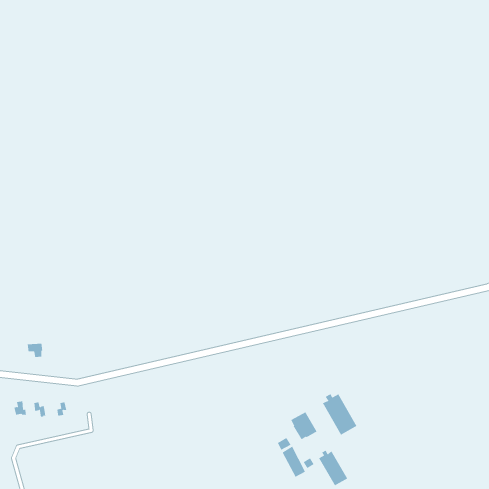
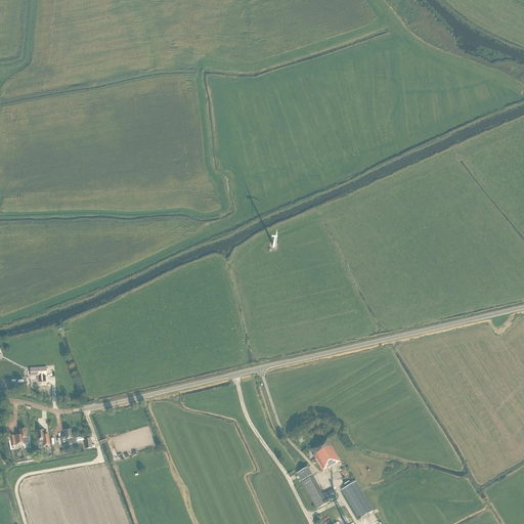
building: [322,393,357,436] -> none

